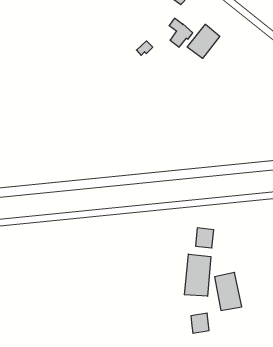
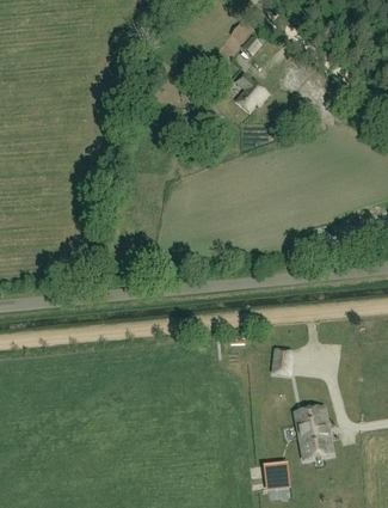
building: [187,24,220,58] -> none
building: [184,254,211,296] -> none

